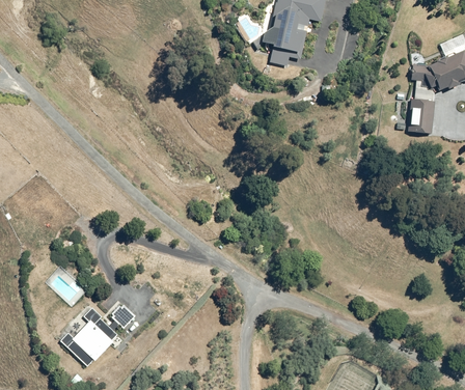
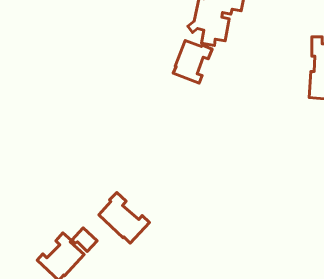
building: none -> [173,40,212,83]
building: none -> [99,192,149,243]

